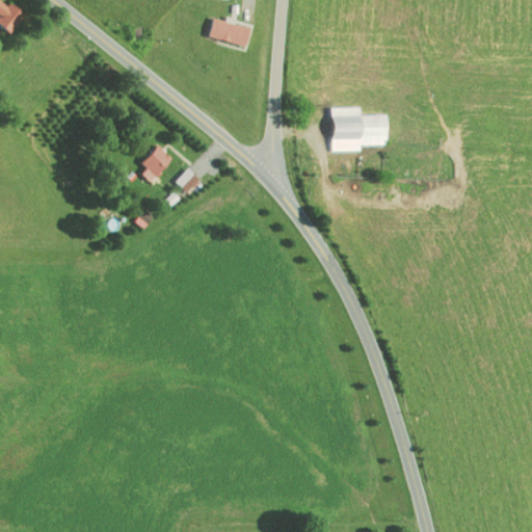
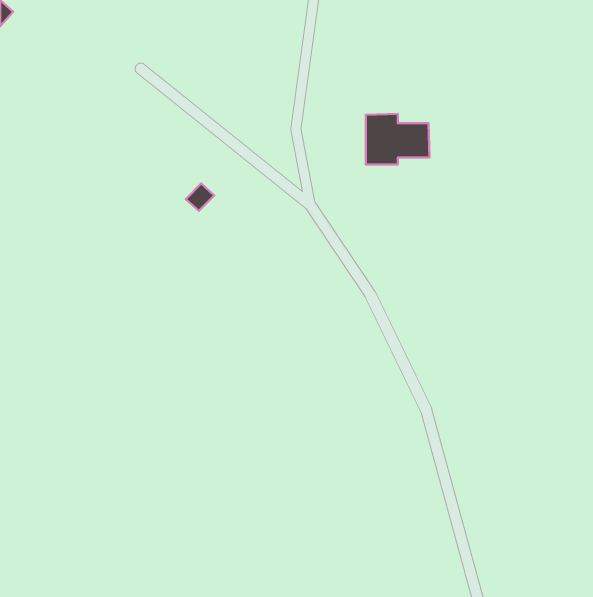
building: [208,18,250,48] -> none
building: [140,145,171,177] -> none

